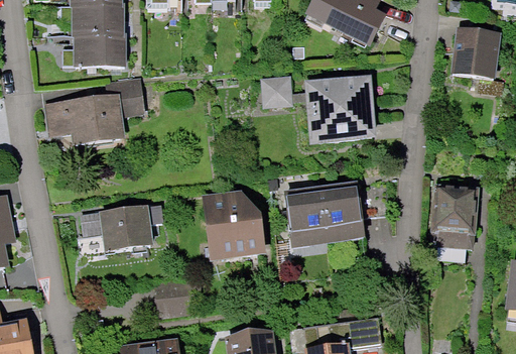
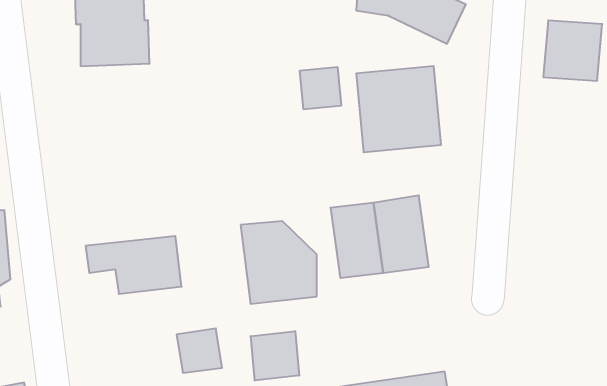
building: [41,78,138,145] -> none
building: [438,188,482,253] -> none
building: none -> [251,331,299,381]

